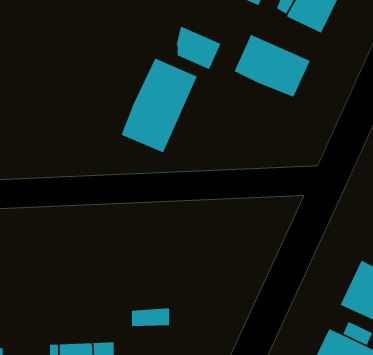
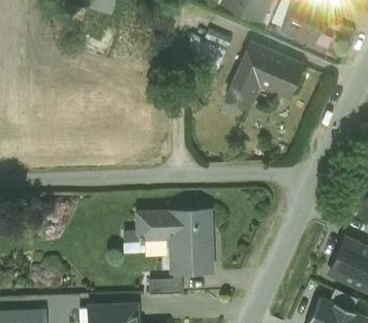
building: [121,58,198,154] -> none
building: none -> [226,75,258,109]
building: none -> [139,209,211,272]

